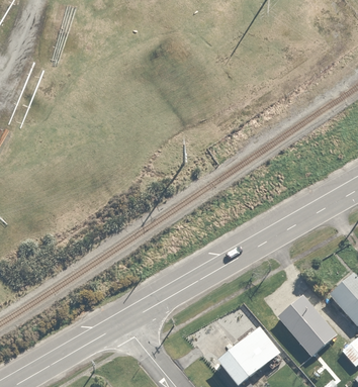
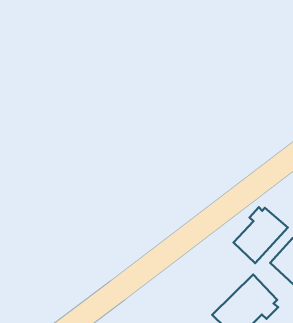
building: none -> [233,207,288,263]

